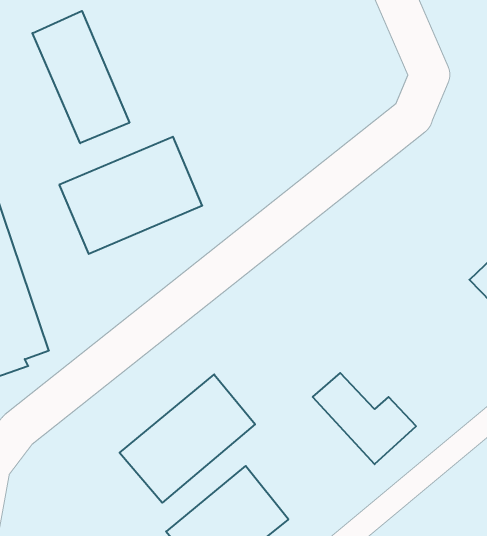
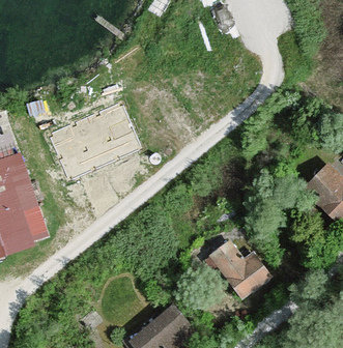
building: [32,11,129,143] -> none
building: [120,374,255,503] -> none

